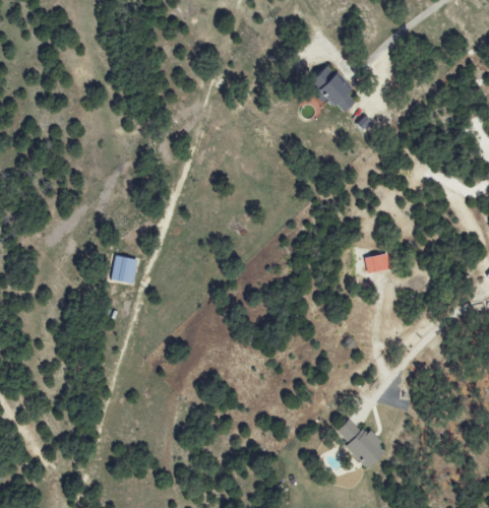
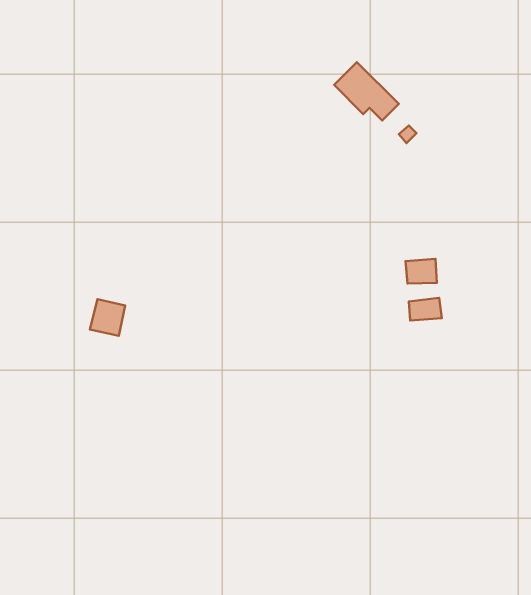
building: none -> [405,259,437,284]
building: [333,418,387,467] -> none

